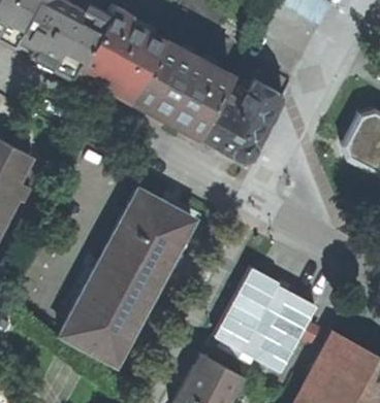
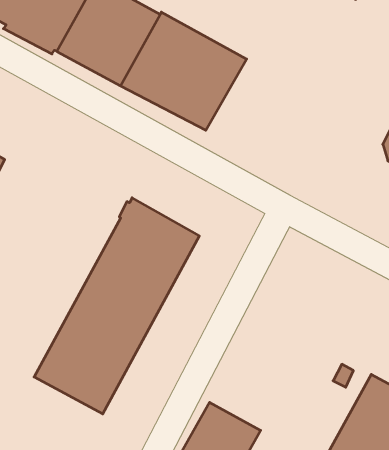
building: [199,80,286,163] -> none
building: [216,265,319,369] -> none

